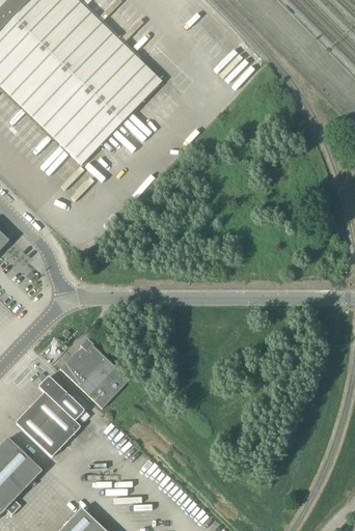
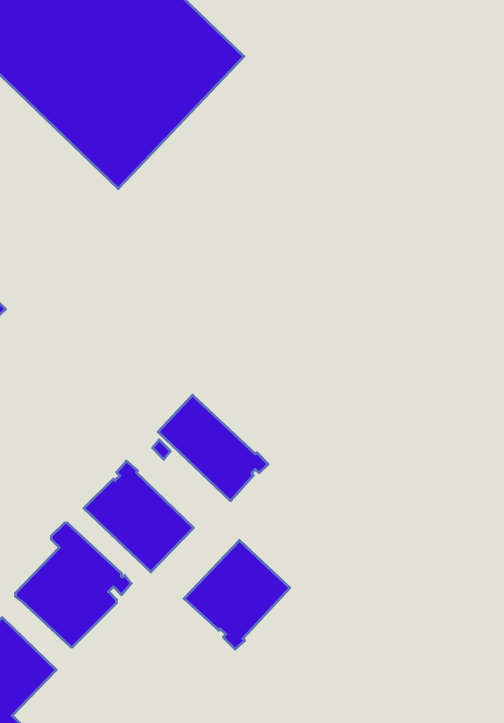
building: none -> [158,395,268,501]
building: none -> [184,540,290,649]

